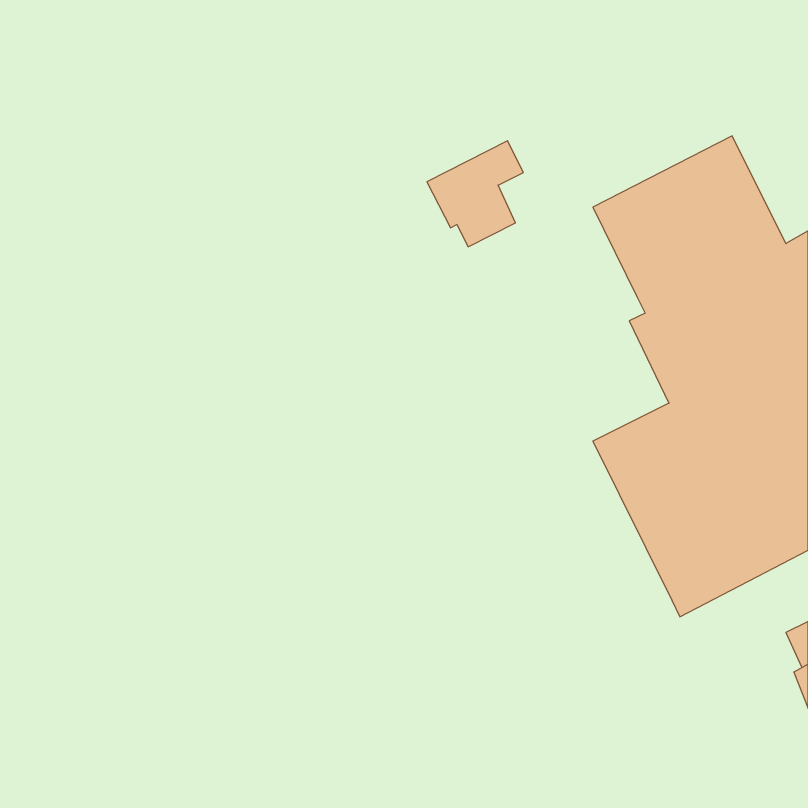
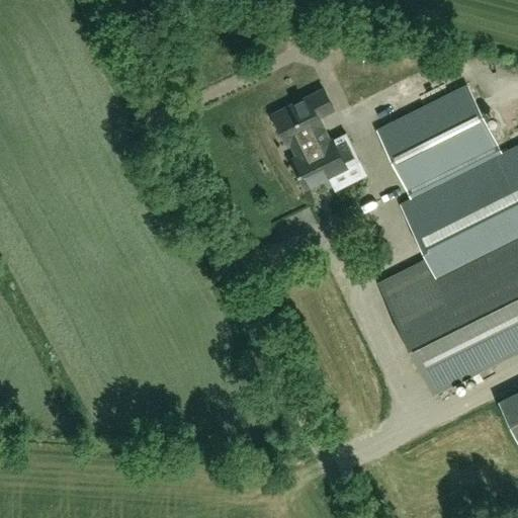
building: none -> [292,134,355,189]

